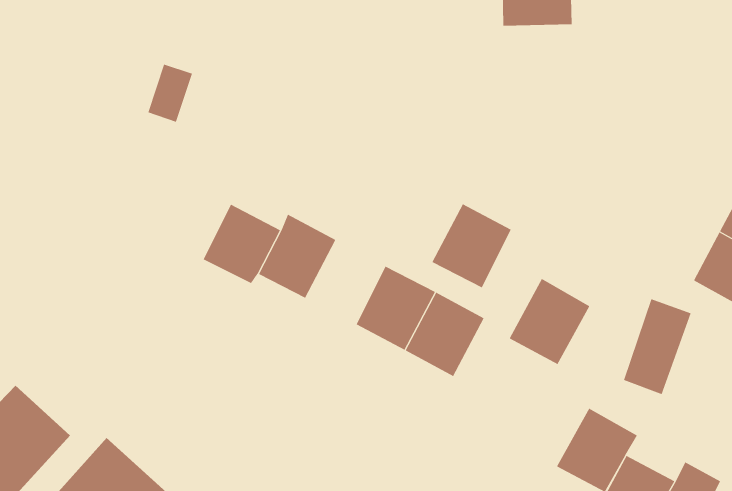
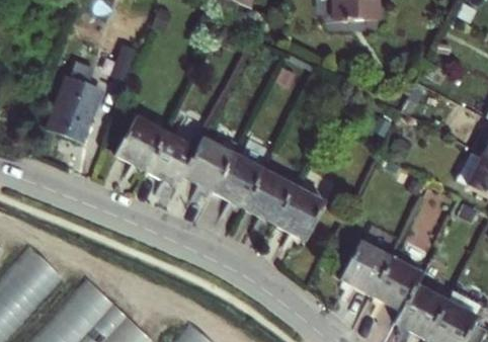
building: none -> [51,61,104,139]
building: none -> [117,114,167,166]
building: [432,204,511,288] -> [214,154,263,206]
building: [509,278,590,365] -> [339,241,390,294]

